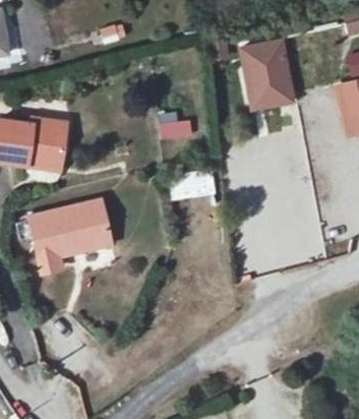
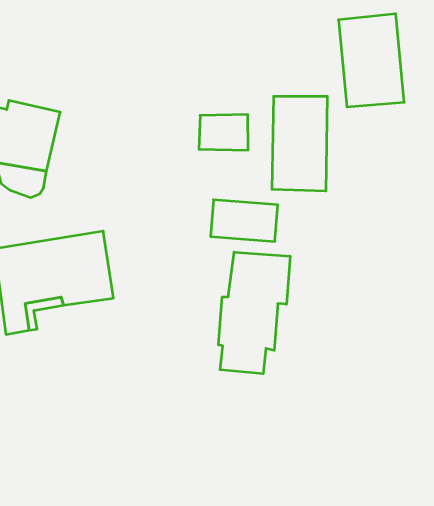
building: none -> [272,96,327,191]
building: none -> [219,252,290,374]

